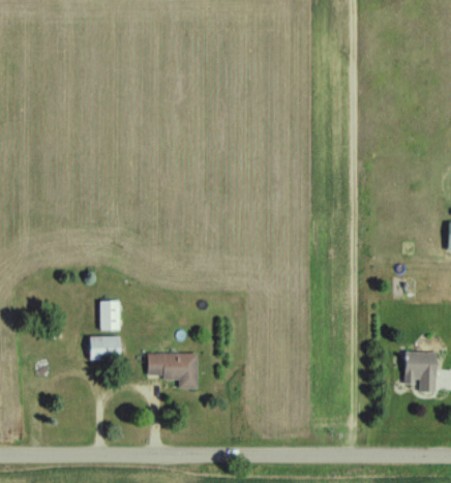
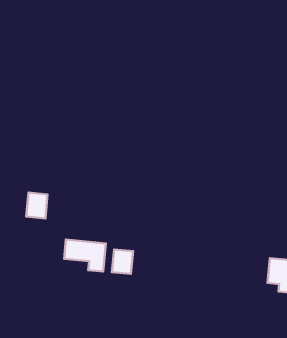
building: [87,336,122,359] -> none
building: none -> [112,250,133,274]

